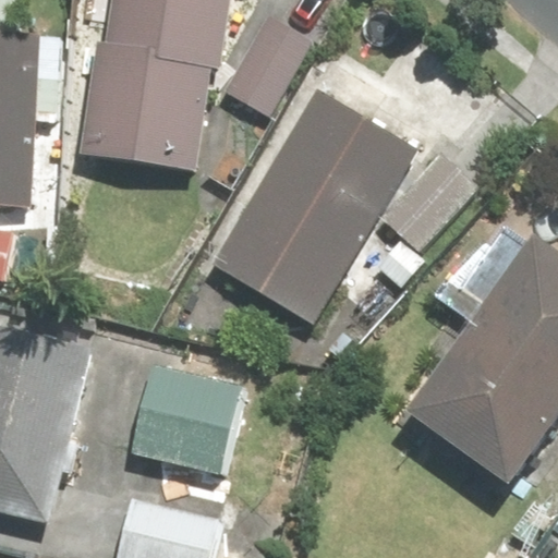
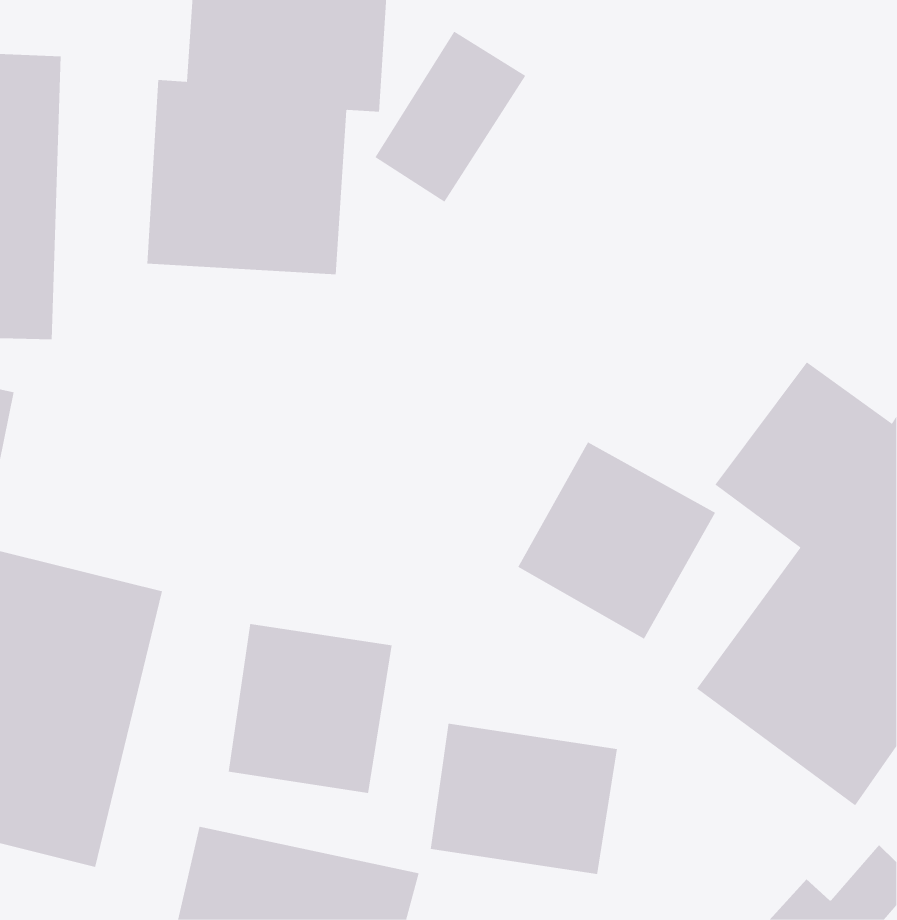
building: [213,94,410,322] -> none
building: none -> [517,442,716,640]
building: none -> [430,723,618,875]

